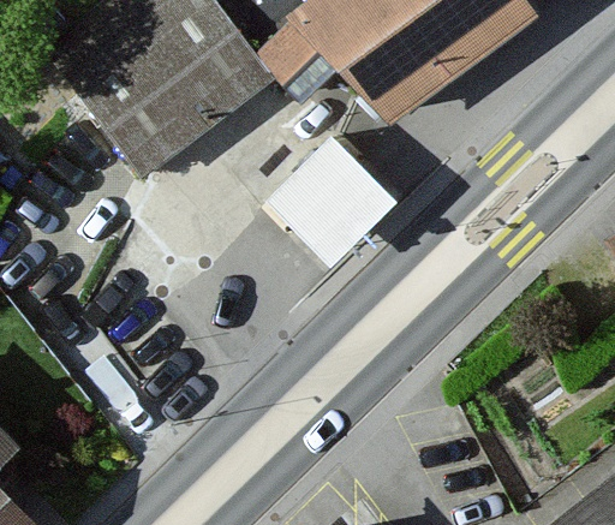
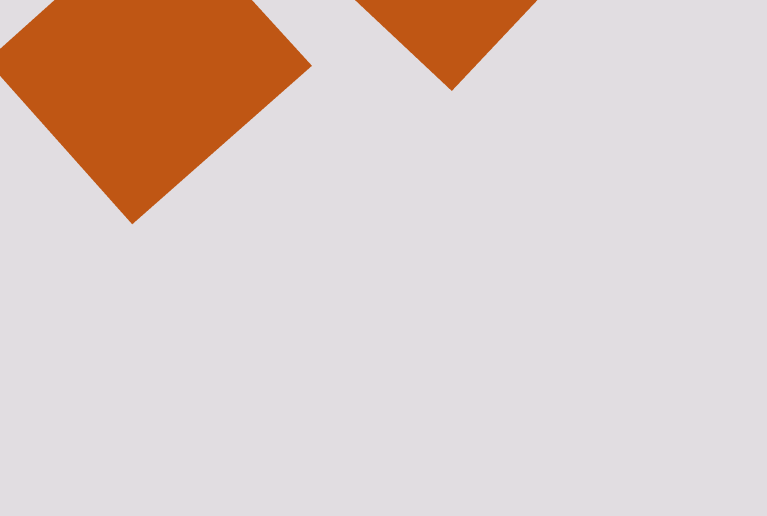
building: [267,141,395,268] -> none

